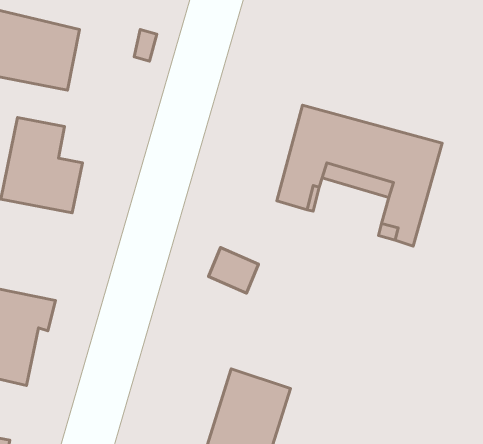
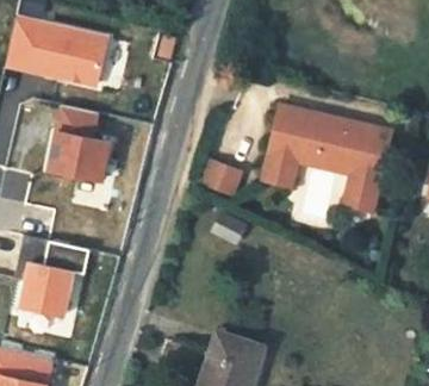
building: none -> [195,158,243,200]

